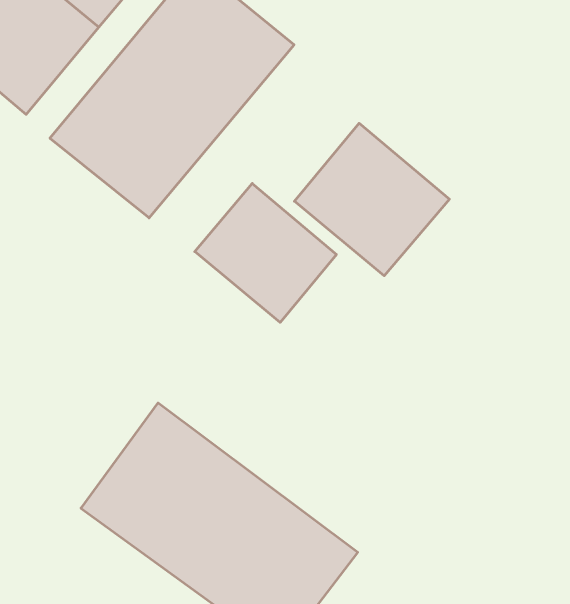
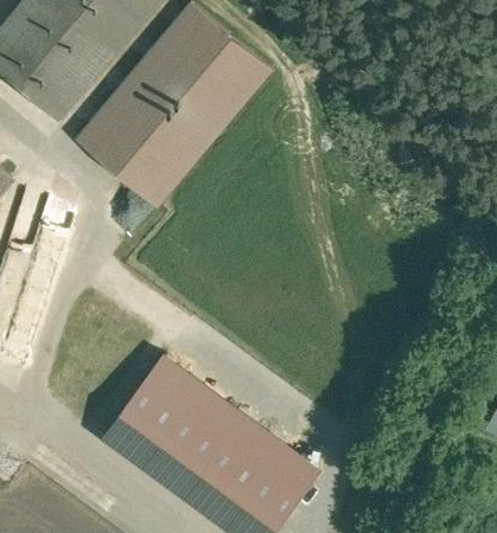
building: [294,123,449,276] -> none
building: [195,183,336,322] -> none

